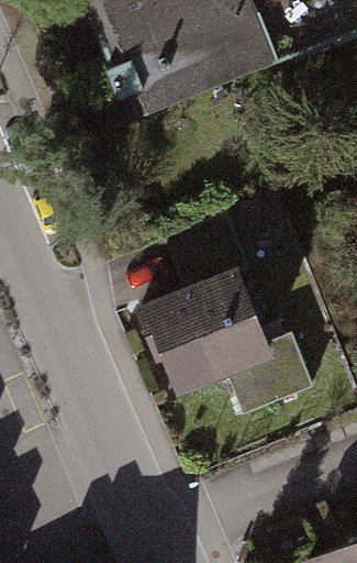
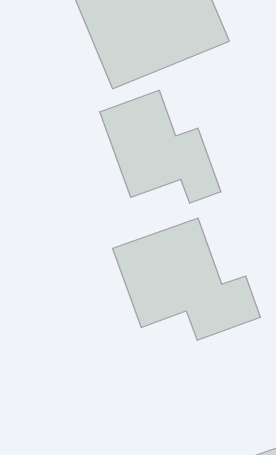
building: none -> [100,90,221,203]

